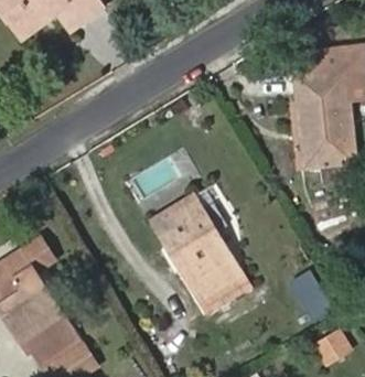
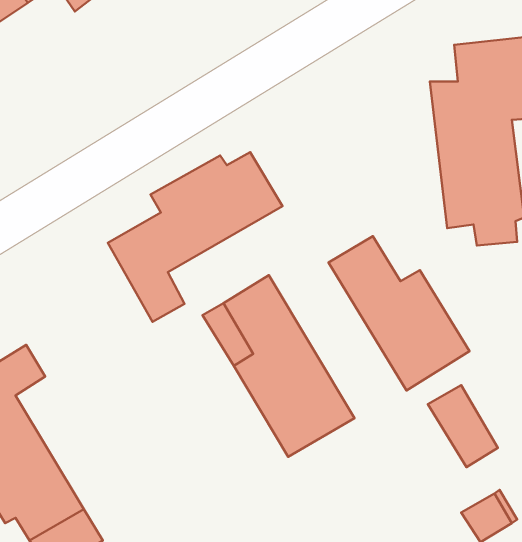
building: none -> [108,152,282,322]
building: none -> [328,236,469,391]

